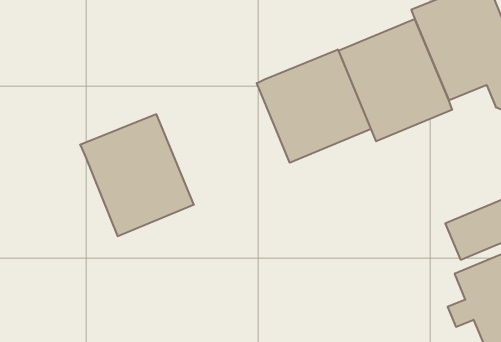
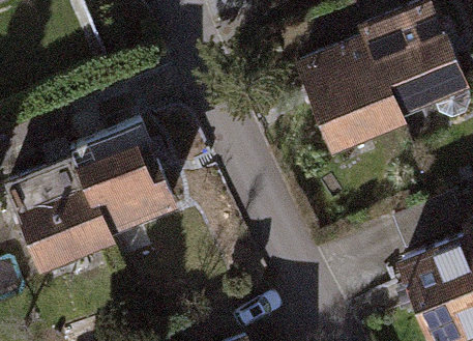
building: [257,49,371,163] -> none
building: none -> [9,158,109,264]

